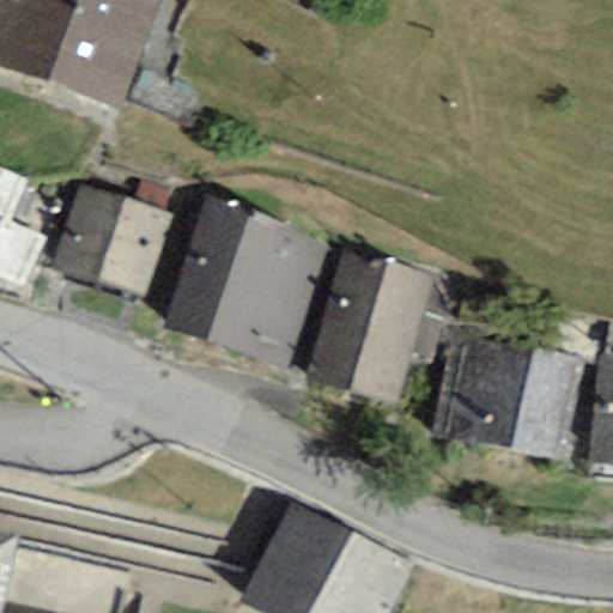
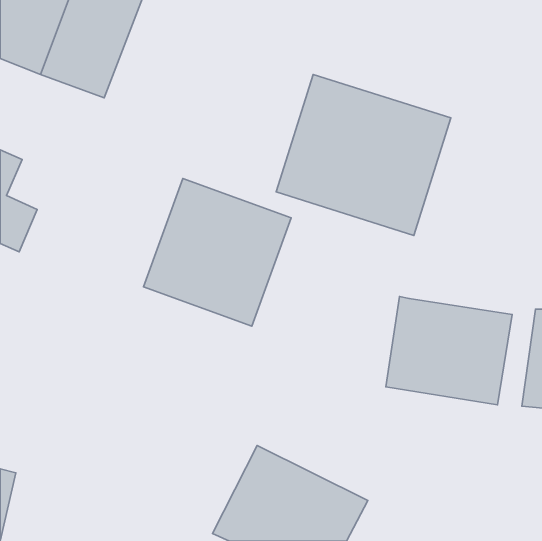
building: none -> [276,74,451,235]
building: [51,182,172,296] -> none
building: [305,247,436,402] -> none

